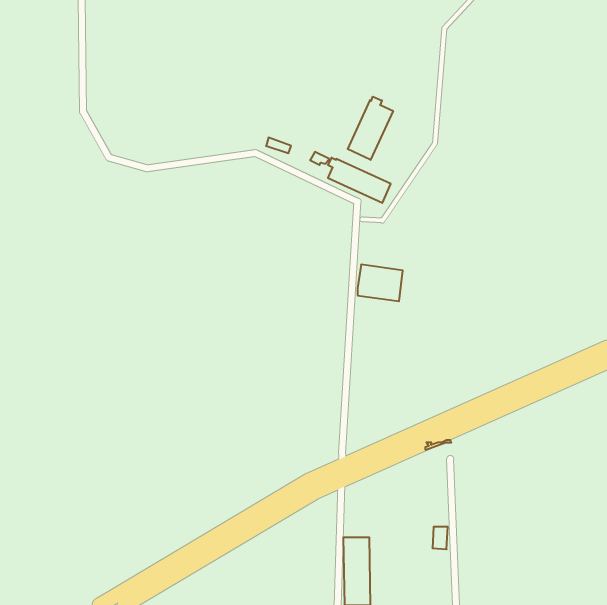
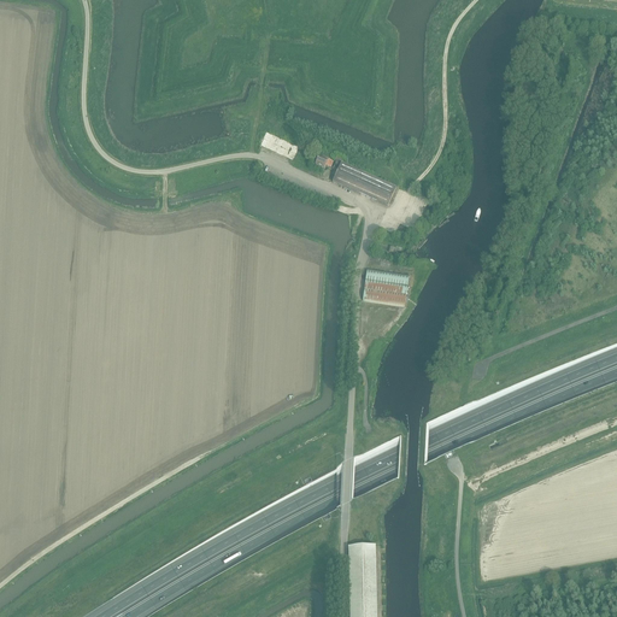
building: [348,97,393,160] -> none

